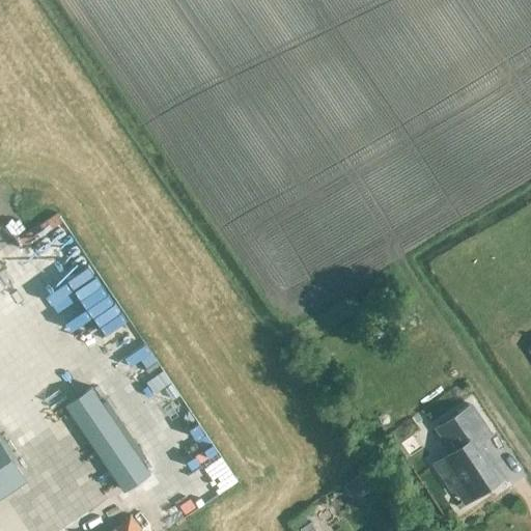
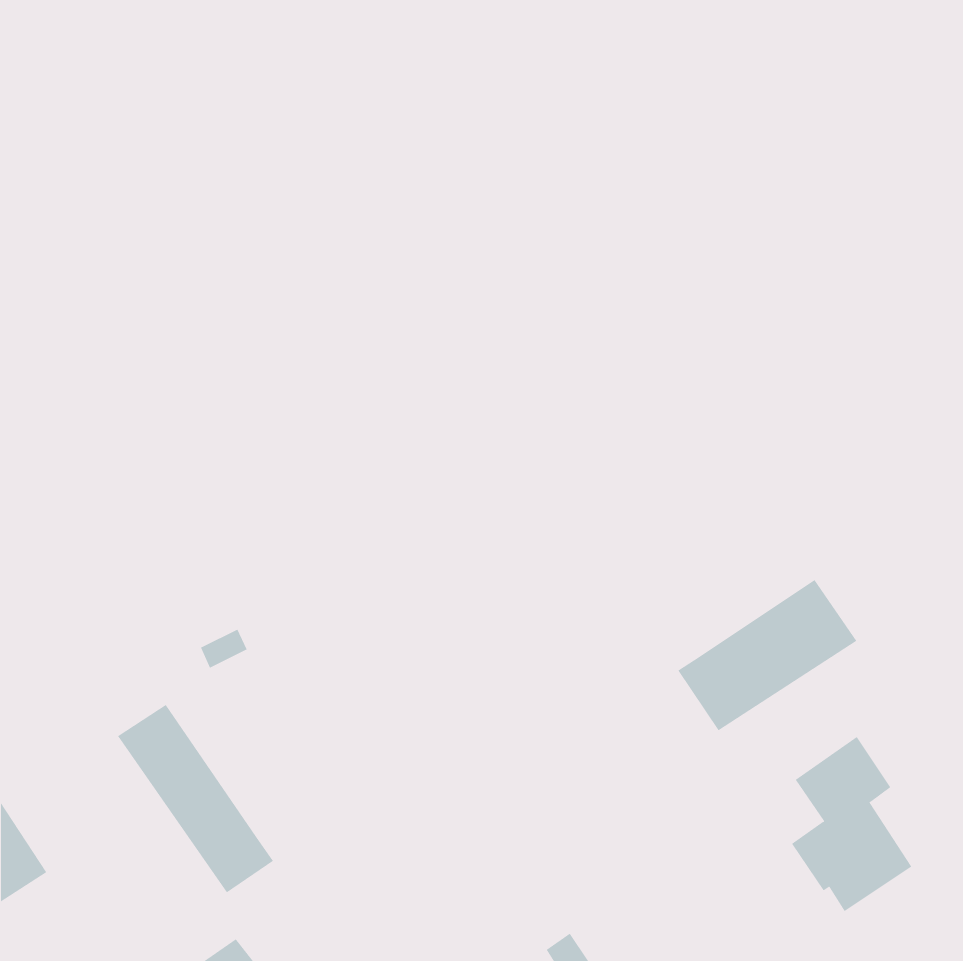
building: none -> [678,579,857,731]

